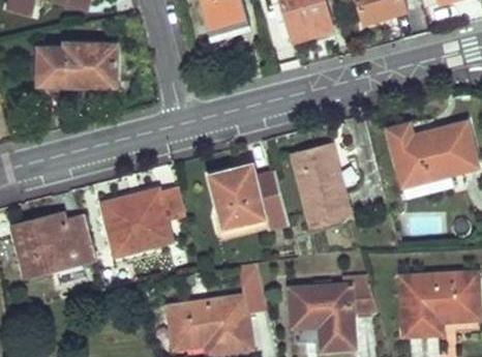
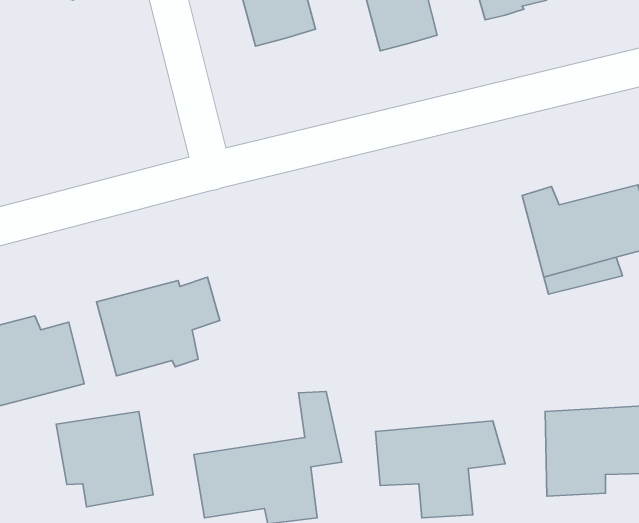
building: [42,40,113,83] -> none
building: [292,150,348,227] -> none
building: [209,168,287,231] -> none
building: none -> [56,412,153,507]

